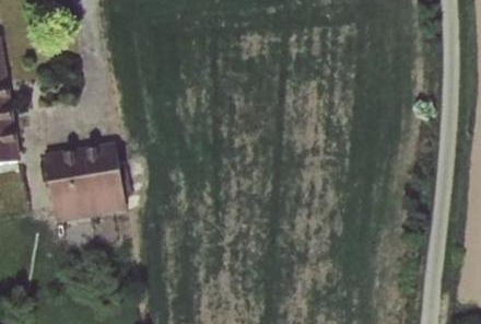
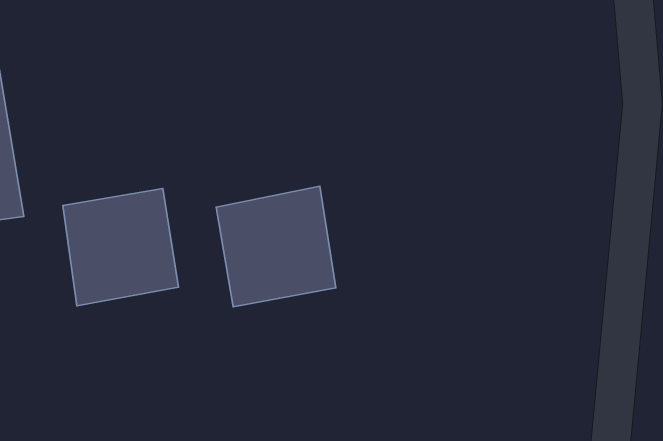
building: none -> [216,186,336,307]

